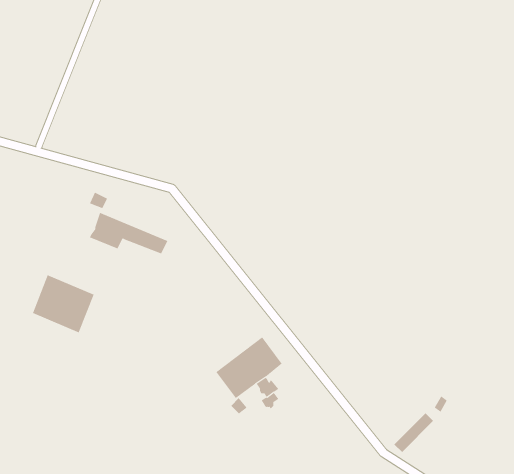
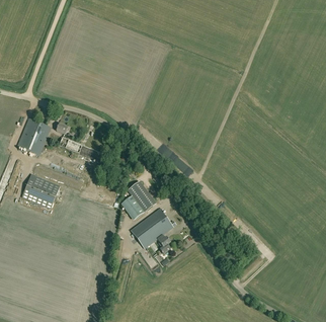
building: none -> [18,115,51,153]
building: none -> [123,179,153,218]

